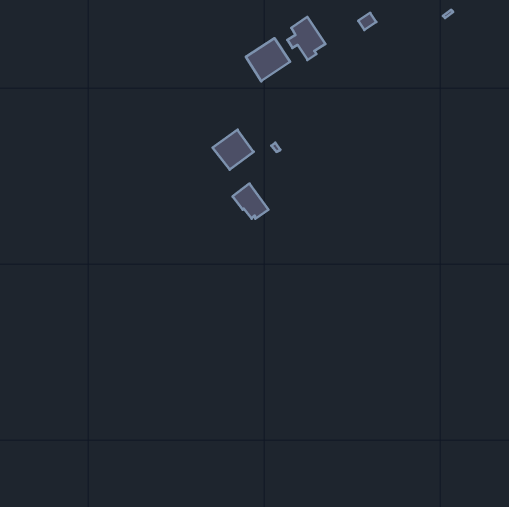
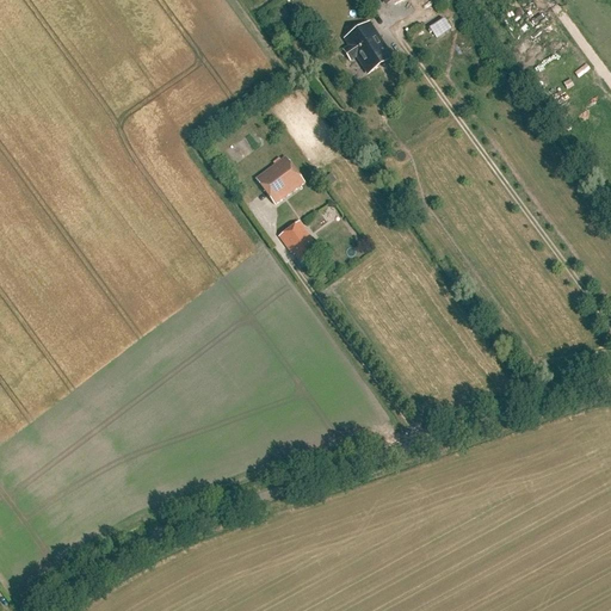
building: [246,38,290,81] -> none

